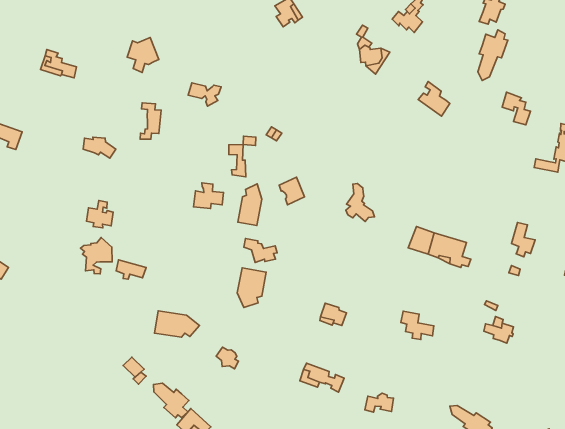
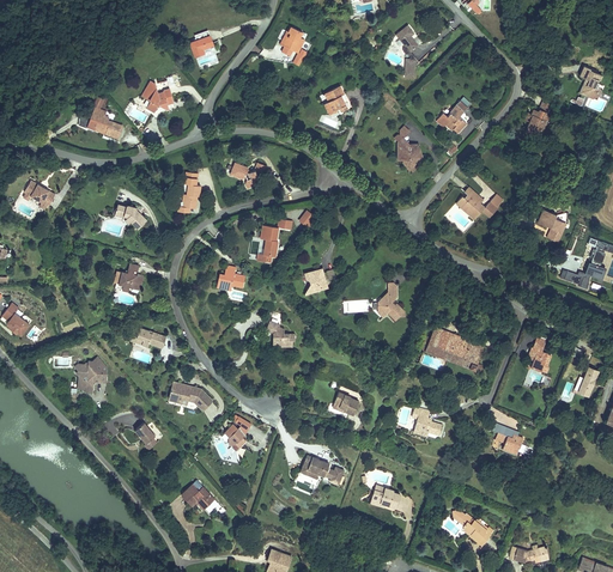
building: [478,30,508,81] -> none
building: [127,38,159,72] -> [140,80,171,114]
building: [238,184,262,226] -> none
building: [81,238,112,274] -> [74,359,105,395]
building: [237,268,266,307] -> none
building: [154,383,189,418] -> none

